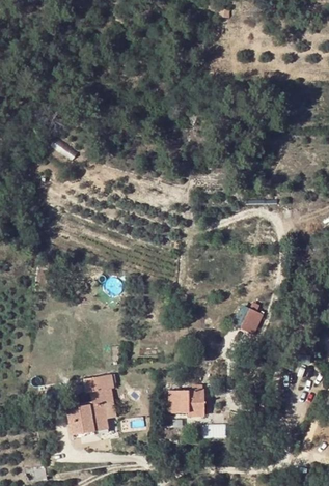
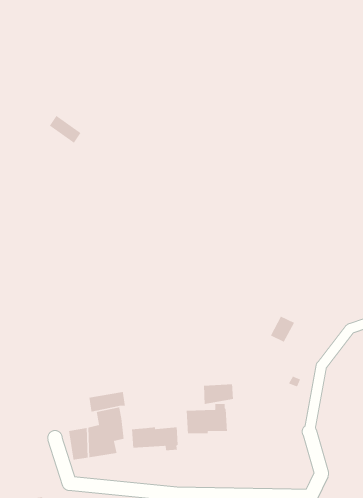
building: none -> [203,383,234,405]
building: none -> [131,427,179,451]

